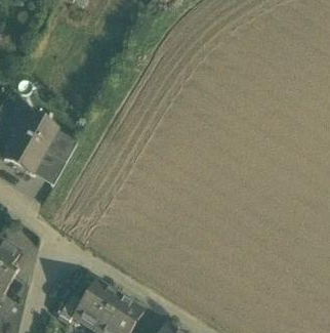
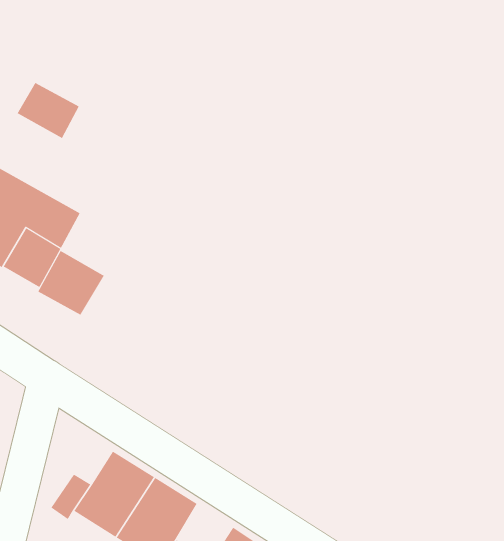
building: none -> [17,82,80,139]
building: none -> [38,250,104,315]

